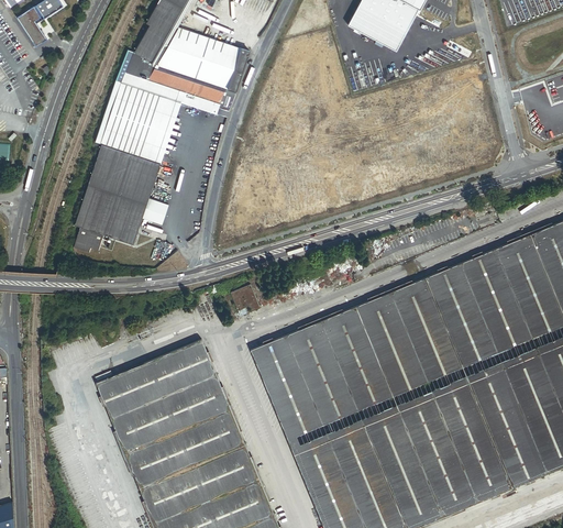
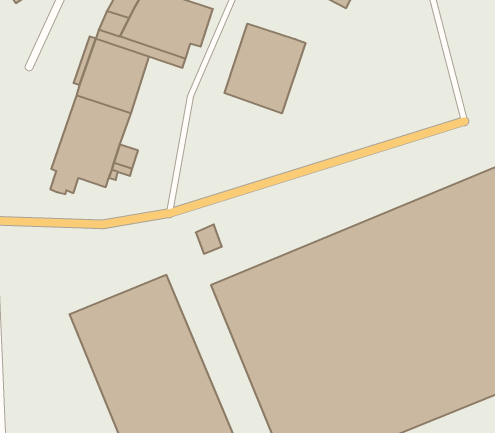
building: none -> [224,24,306,113]

